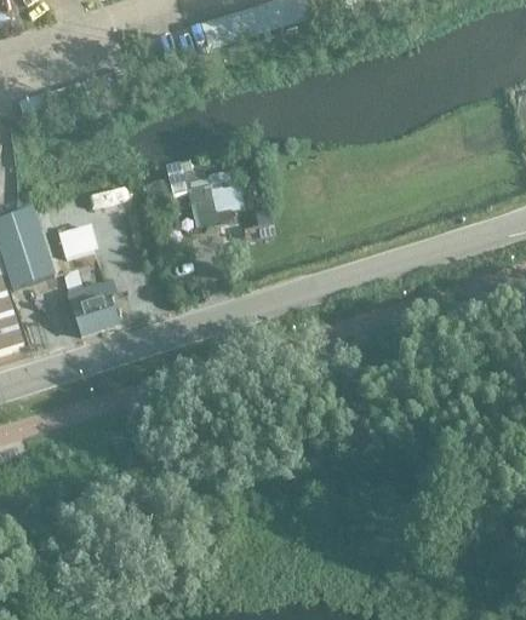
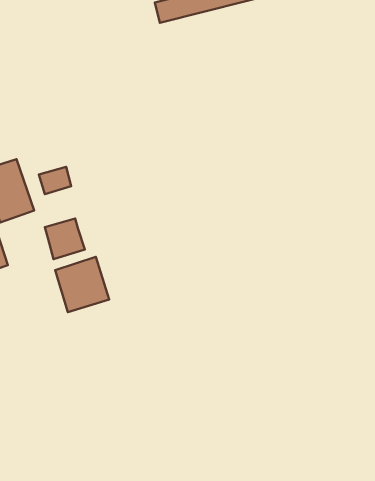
building: [185,166,242,224] -> none
building: none -> [55,257,109,312]

